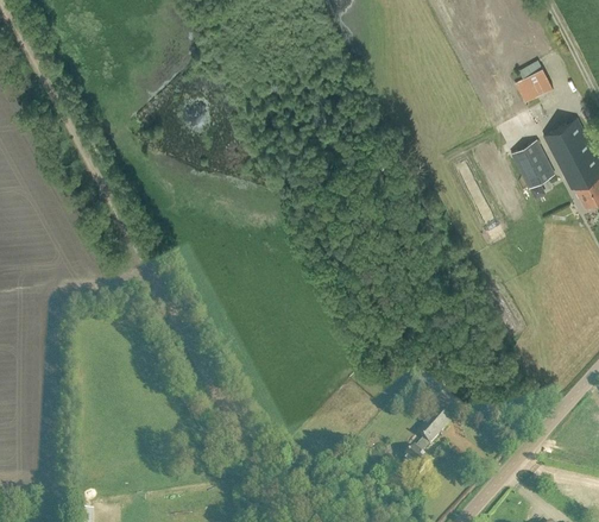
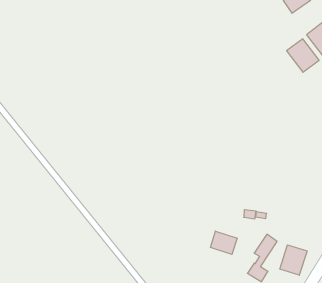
building: none -> [210,231,237,254]
building: none -> [280,245,307,275]

